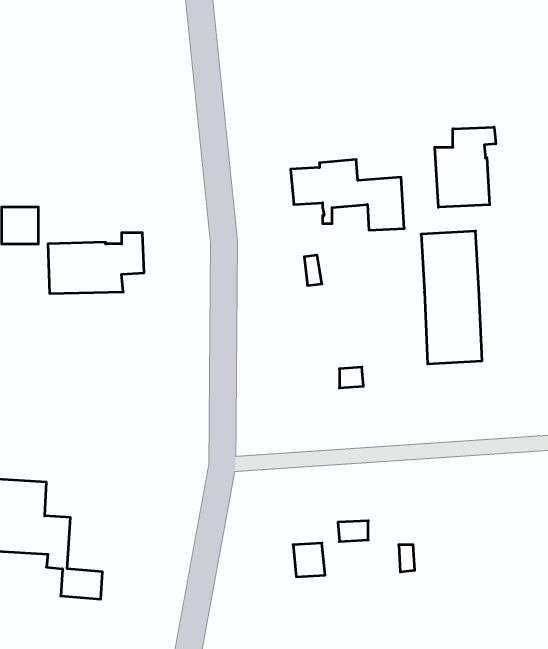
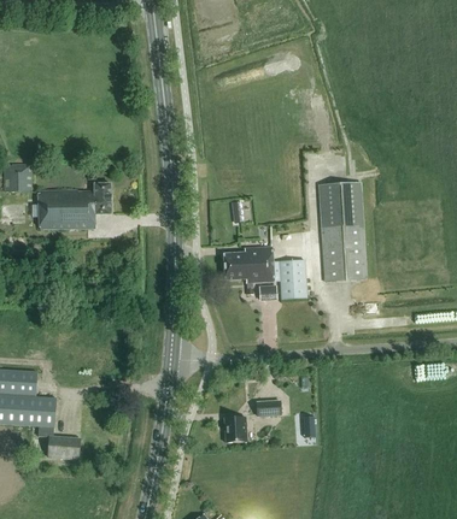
building: [435,127,496,207] -> none
building: [291,160,404,230] -> [221,246,306,299]

